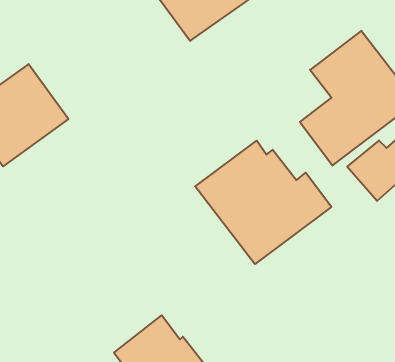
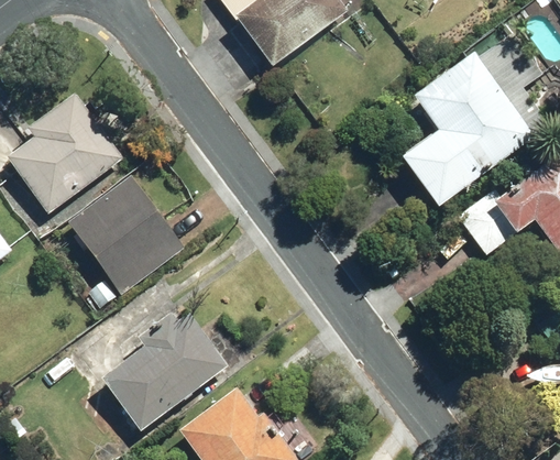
building: none -> [66,175,186,295]
building: [195,141,331,264] -> none
building: none -> [98,309,227,434]

